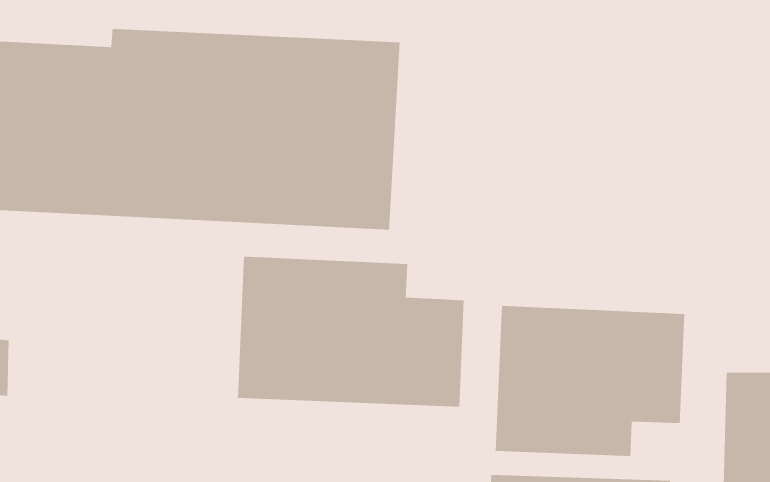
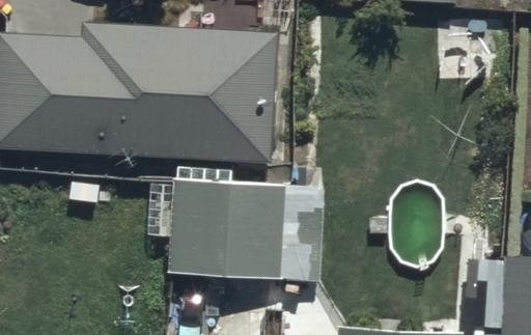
building: [495,305,685,457] -> none

